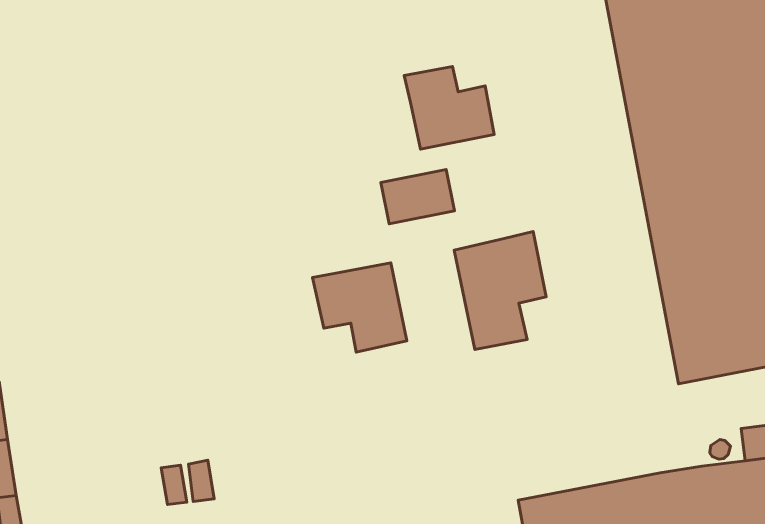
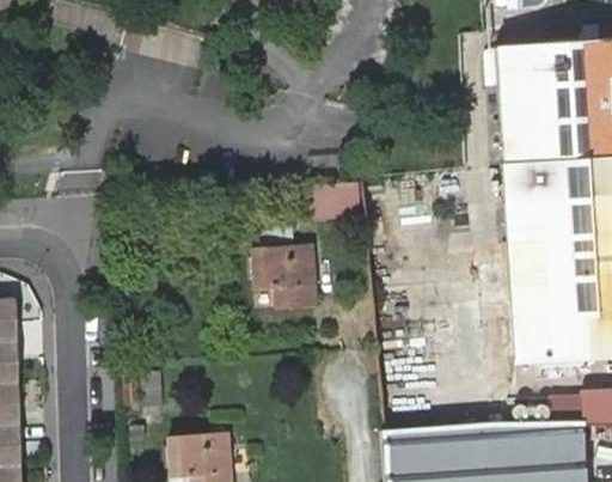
building: [404,66,494,149] -> none
building: [454,231,546,350] -> none

